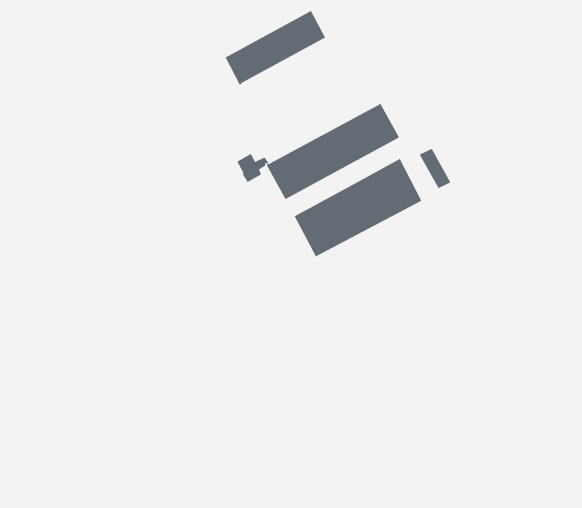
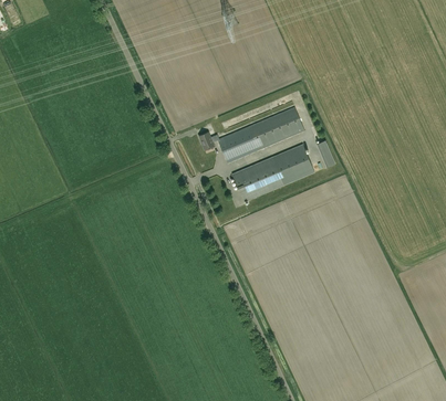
building: [225,10,326,86] -> none

